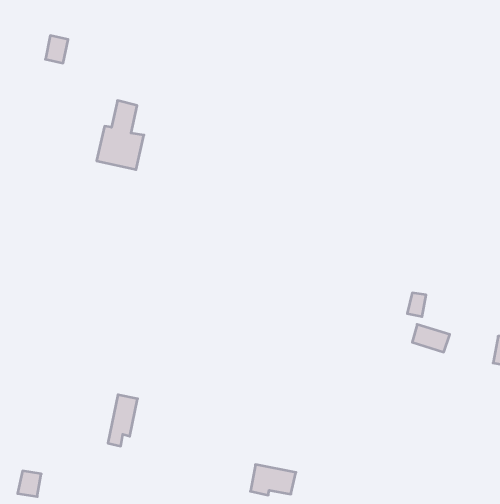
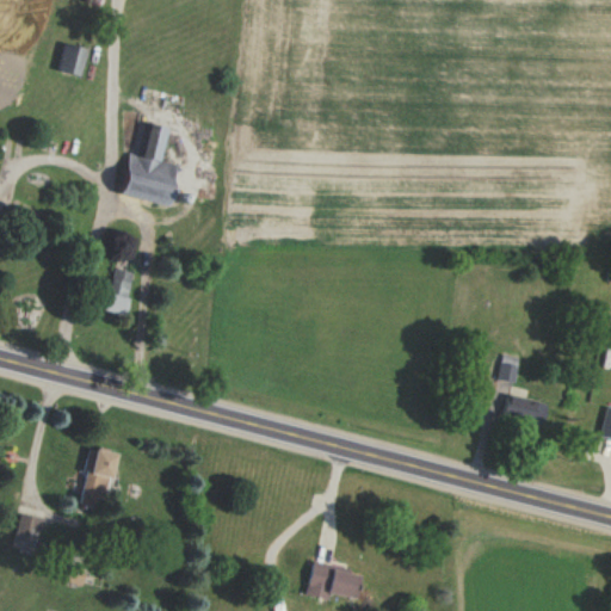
building: none -> [103,266,135,315]
building: [108,395,138,446] -> [81,448,117,510]
building: [18,471,41,497] -> [16,514,44,545]

